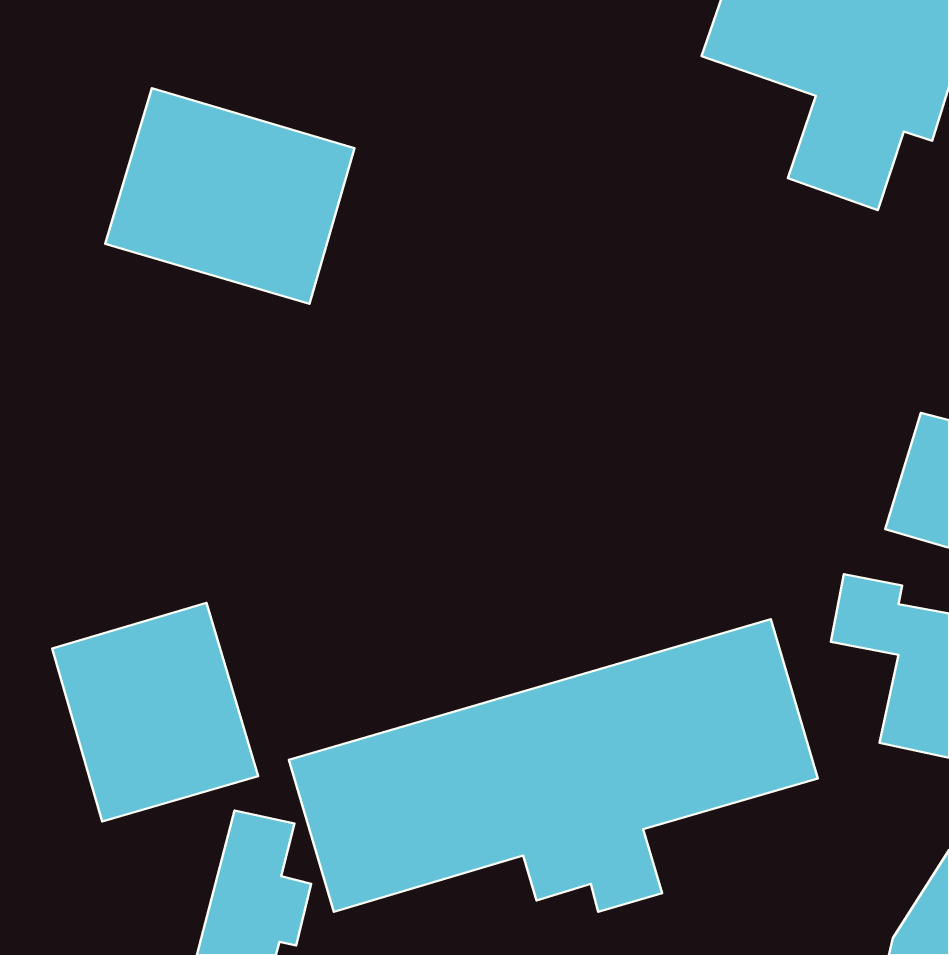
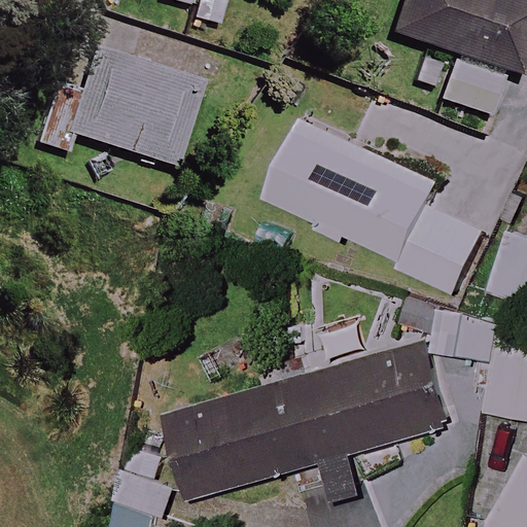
building: none -> [265,116,481,289]
building: [52,603,258,822] -> none

